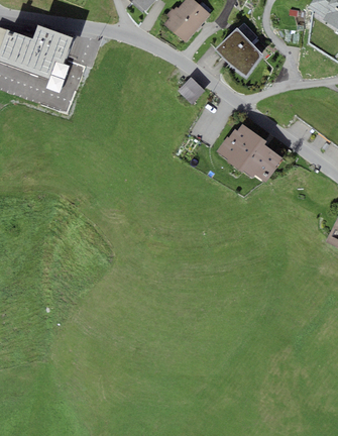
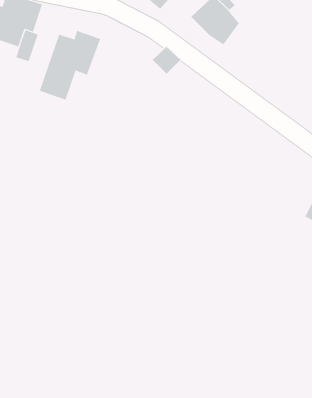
building: none -> [39,30,101,100]
building: [216,123,283,182] -> none

